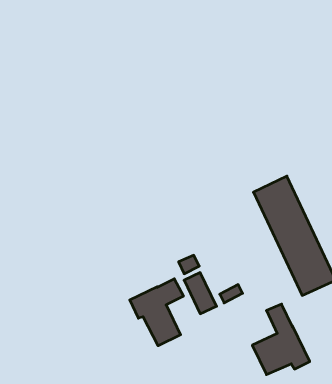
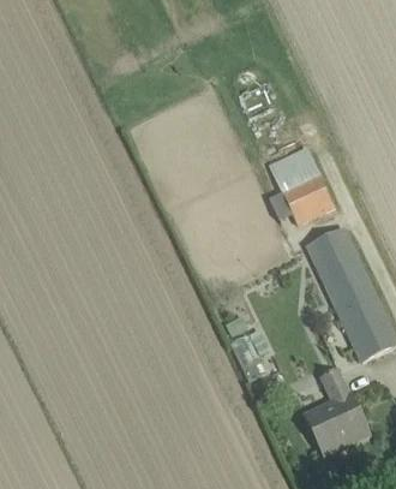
building: none -> [268,148,335,225]
building: [130,279,183,346] -> none

